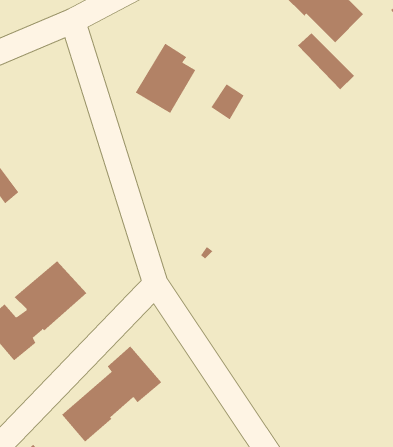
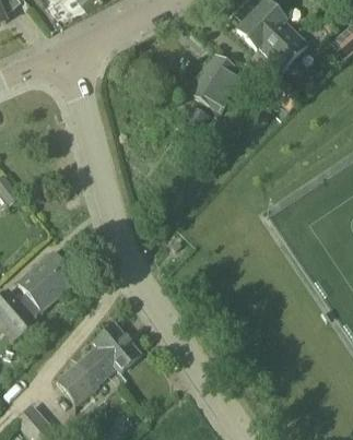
building: [135,43,196,113] -> [192,53,244,112]

